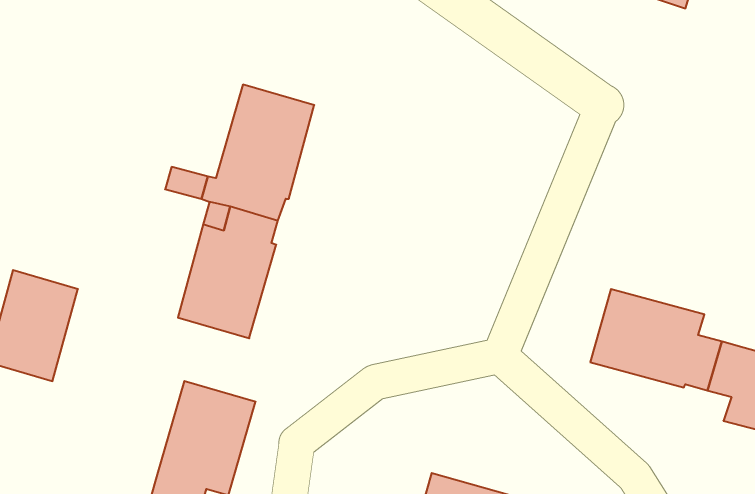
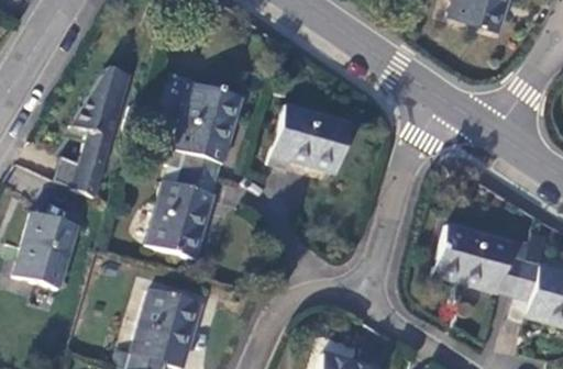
building: none -> [54,67,130,195]
building: none -> [268,103,349,171]

